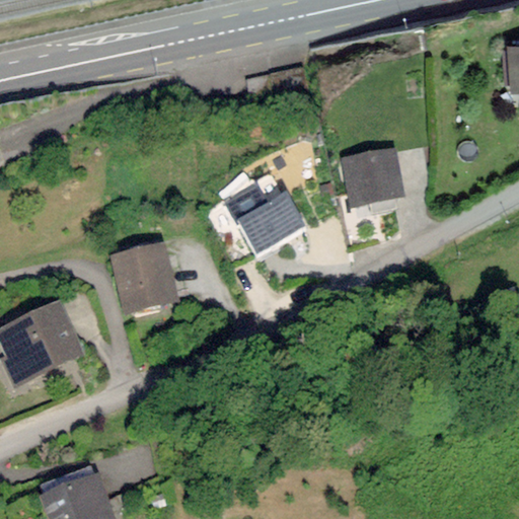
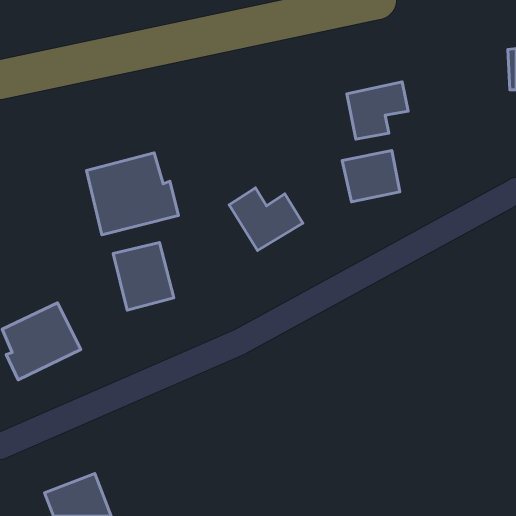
building: none -> [347,82,408,139]
building: none -> [86,153,179,235]

